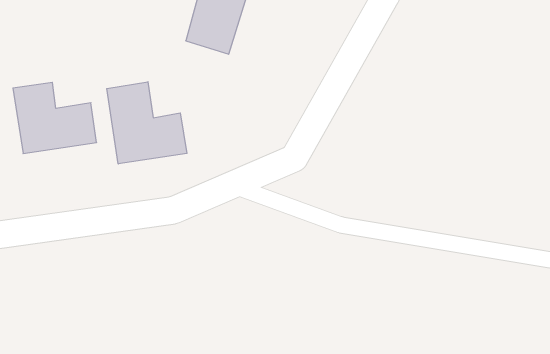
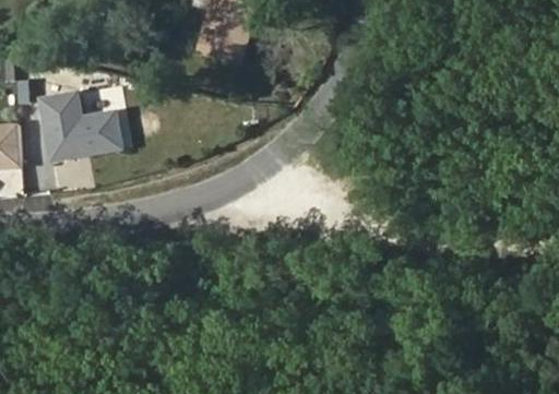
building: [107,82,187,164] -> none

